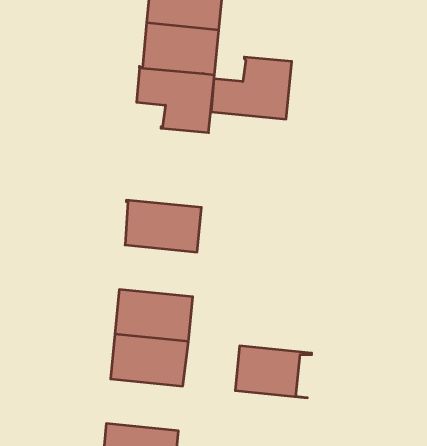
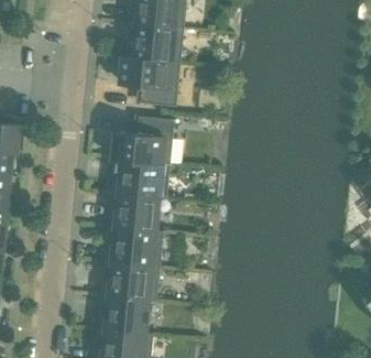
building: [211,57,292,119] -> [116,117,177,164]
building: none -> [110,193,170,232]
building: [235,346,312,398] -> [100,295,159,335]

